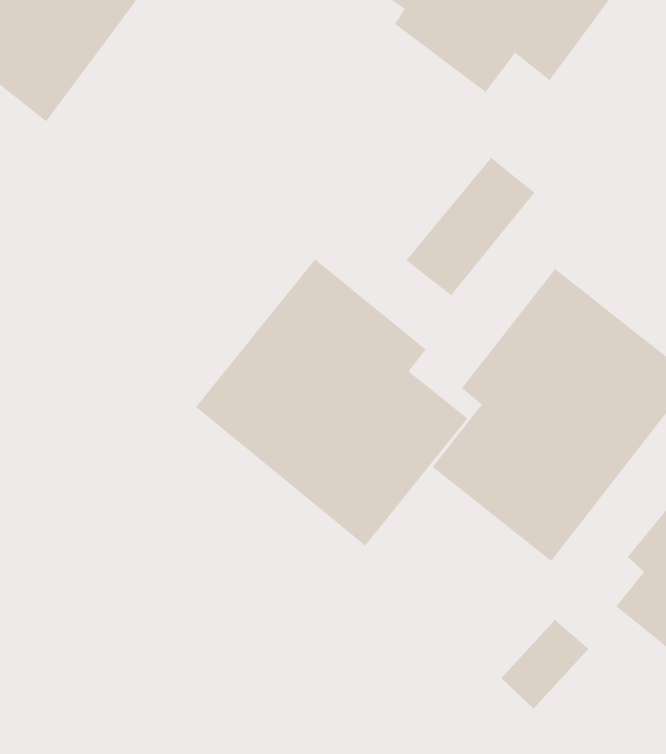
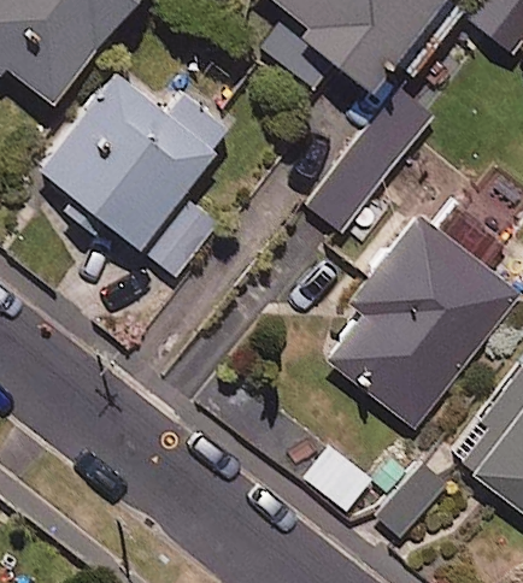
building: none -> [39,71,227,277]
building: [195,259,468,546] -> none

